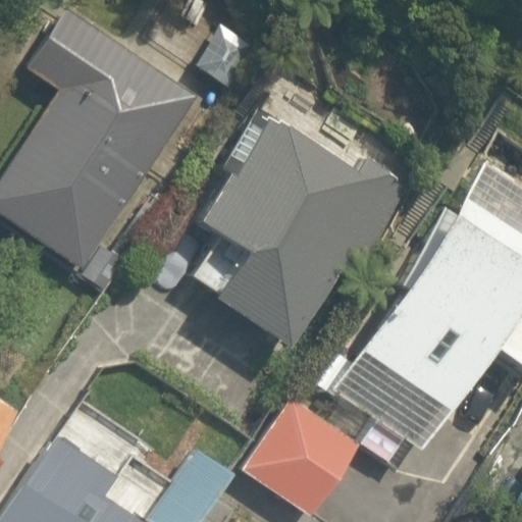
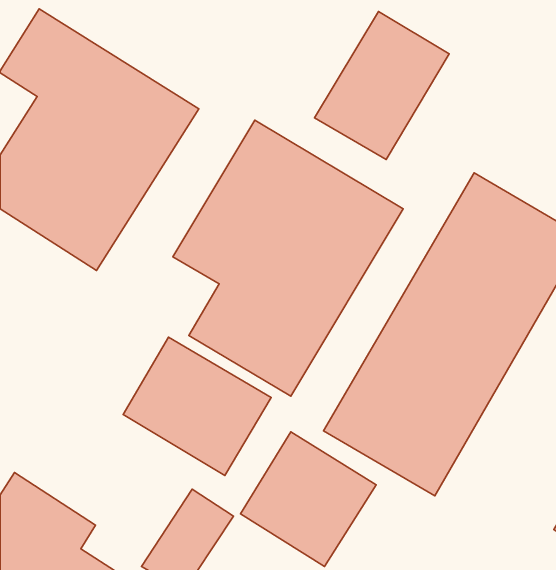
building: none -> [315,11,449,160]
building: none -> [123,337,271,475]

